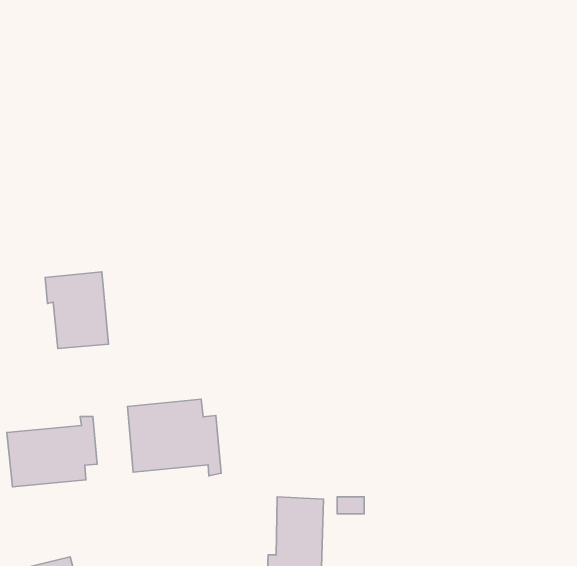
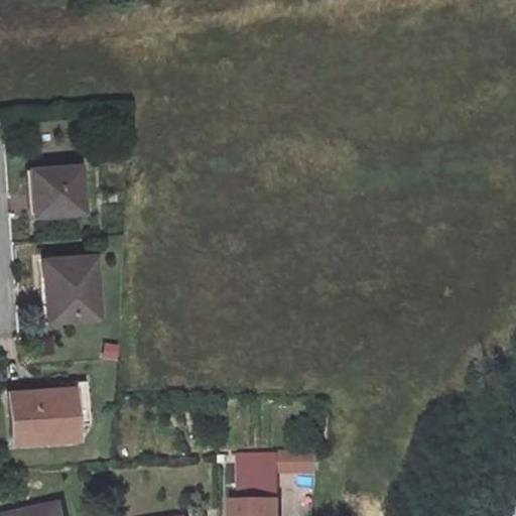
building: none -> [26,164,80,216]
building: [127,399,221,476] -> none

